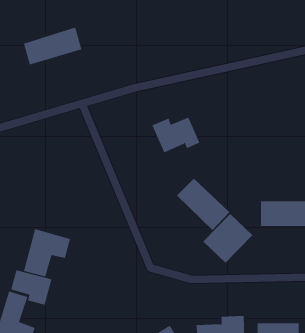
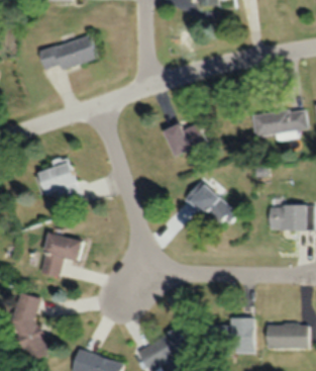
building: none -> [252,108,308,141]
building: none -> [36,161,82,206]
building: [203,213,253,264] -> none
building: [10,270,52,306] -> none

